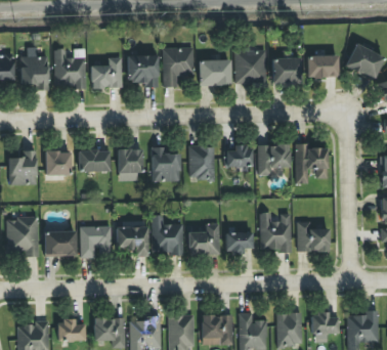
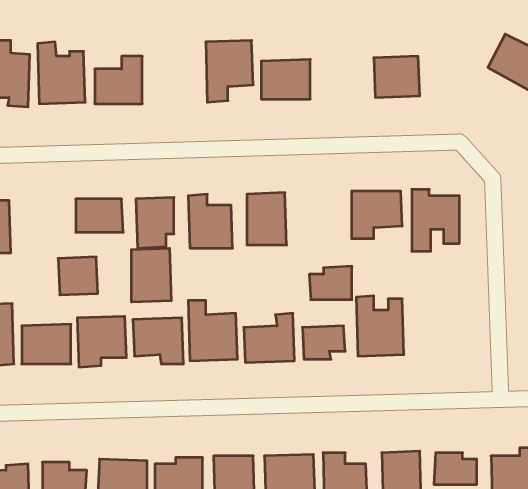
building: [234,49,266,84] -> none
building: [127,54,158,87] -> none
building: [306,55,338,77] -> none
building: [224,145,252,167] -> [309,266,352,300]
building: [45,150,71,175] -> [58,257,98,295]
building: none -> [131,248,171,302]
building: [297,221,329,252] -> none

